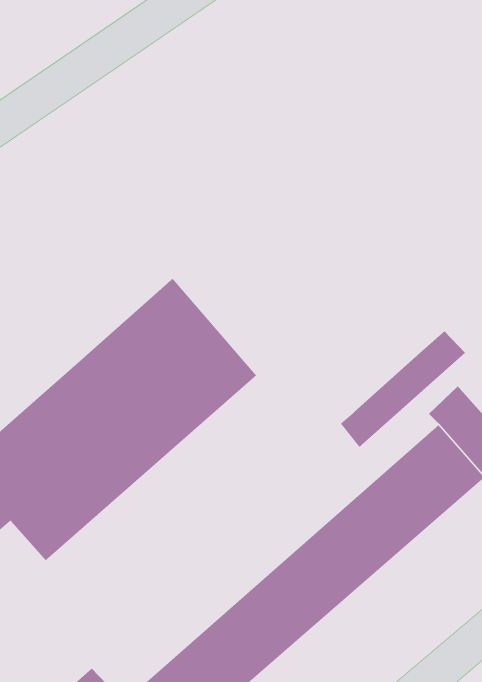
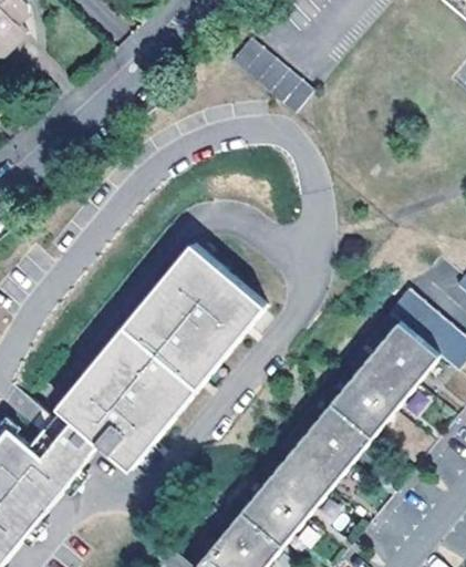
building: none -> [227,32,308,111]
building: [340,330,466,448] -> none

